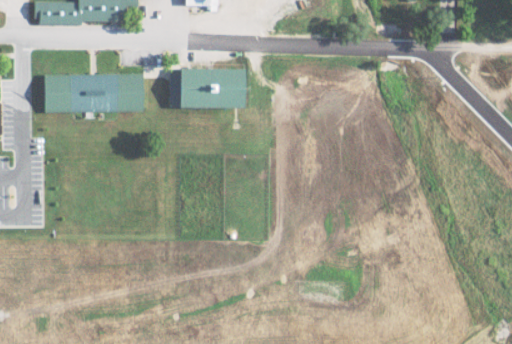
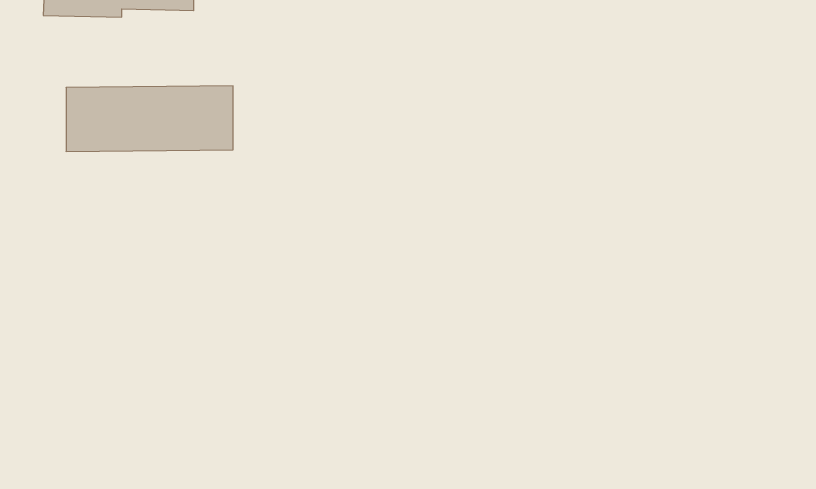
building: [177,68,244,109] -> none

